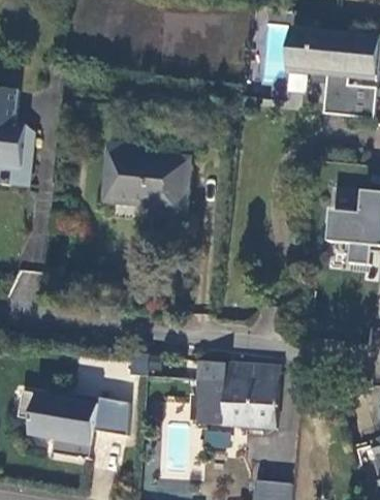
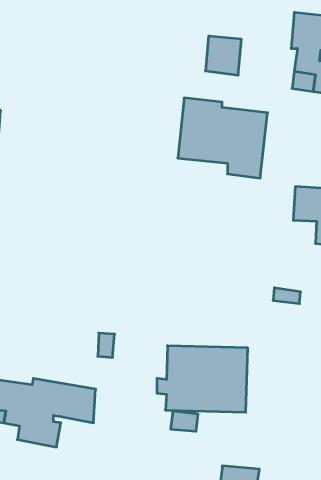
building: [287,32,322,70] -> [205,36,241,75]
building: [103,143,191,221] -> [178,98,268,178]

